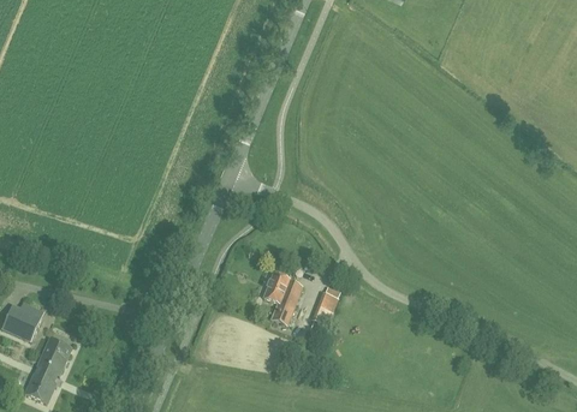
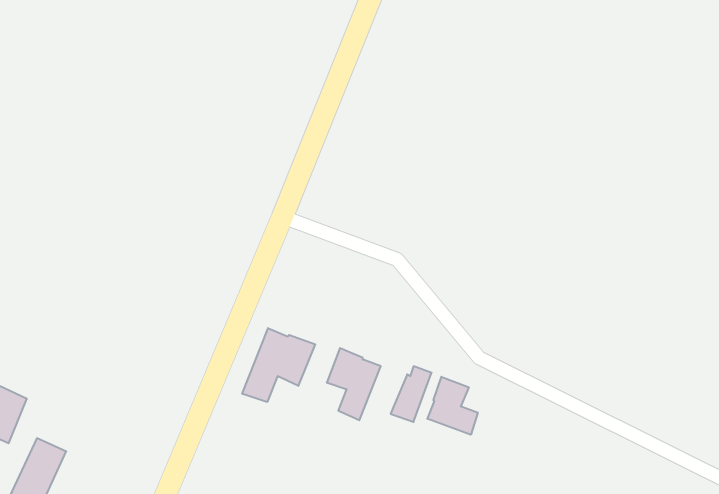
building: none -> [242,328,315,402]
building: none -> [427,377,478,435]

